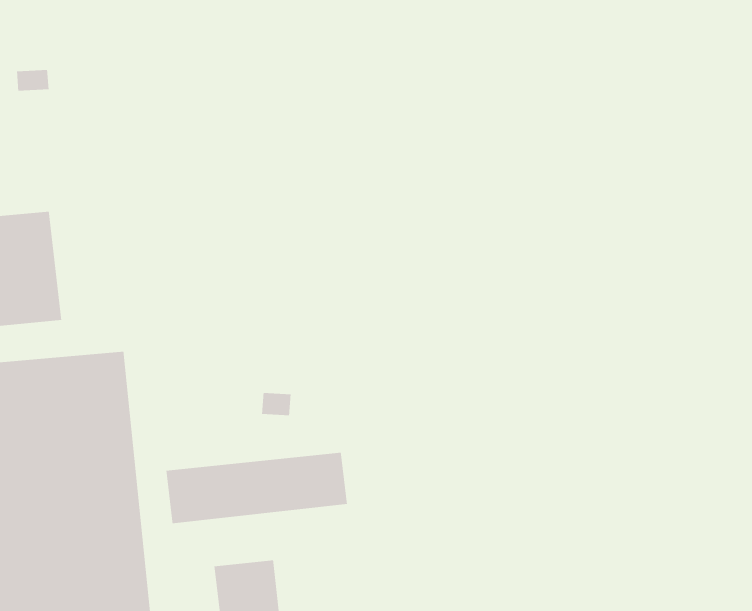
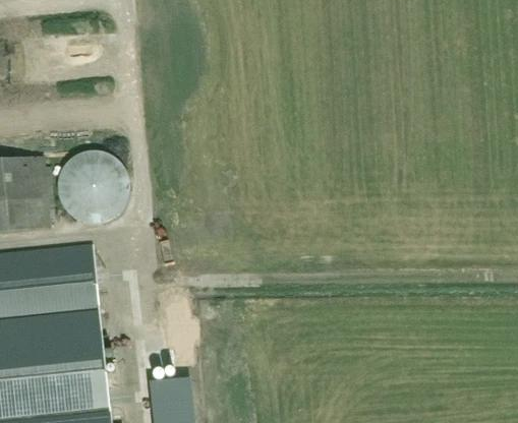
building: none -> [59,152,130,223]
building: [166,452,348,524] -> none

